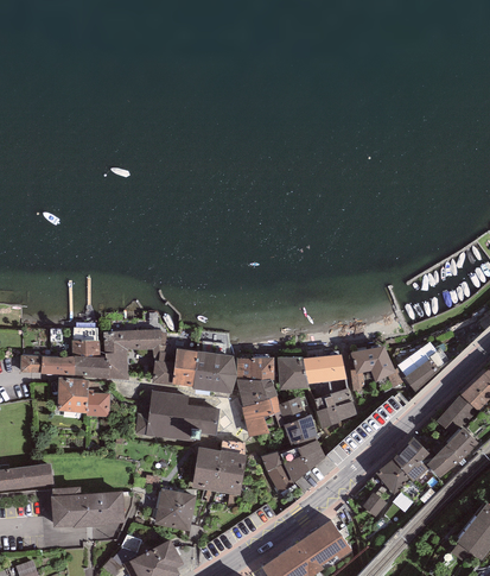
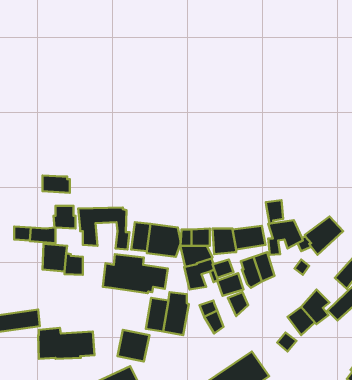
building: none -> [266,200,283,224]
building: [74,355,109,378] -> [42,176,70,193]
building: [280,447,308,485] -> none

